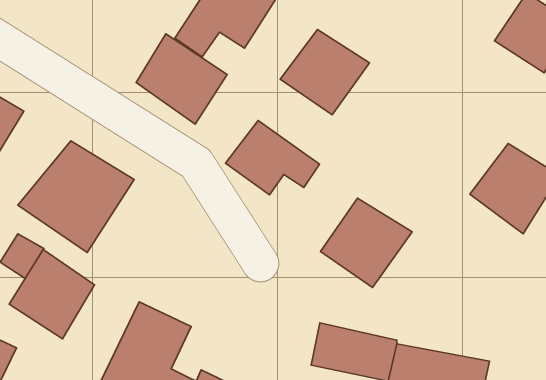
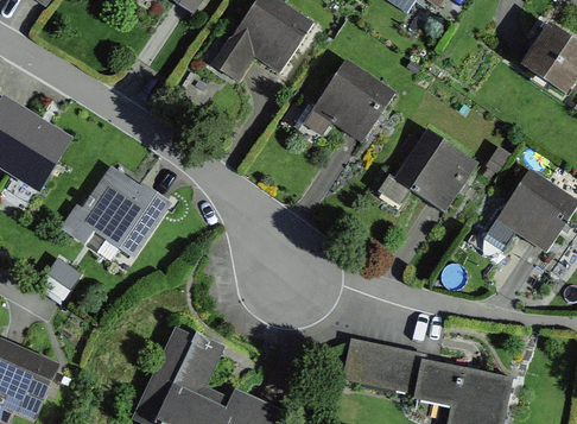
building: [136,34,227,124] -> none
building: [225,121,320,195] -> none
building: [320,198,412,287] -> [393,128,481,214]
building: [9,249,95,339] -> none

